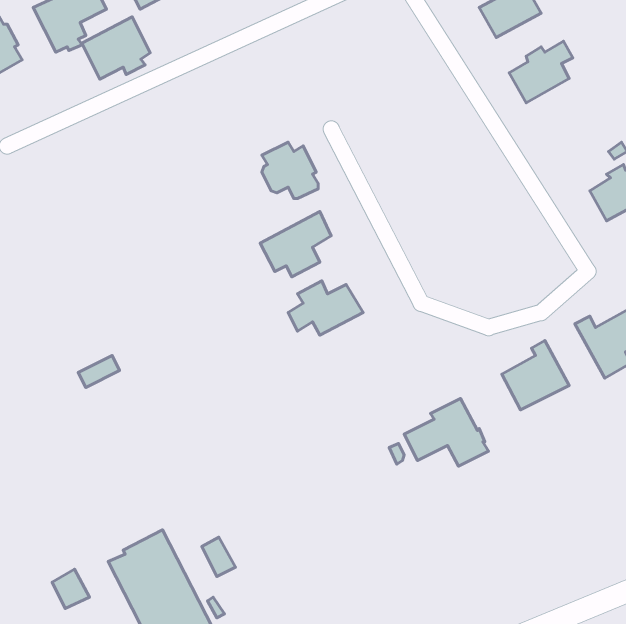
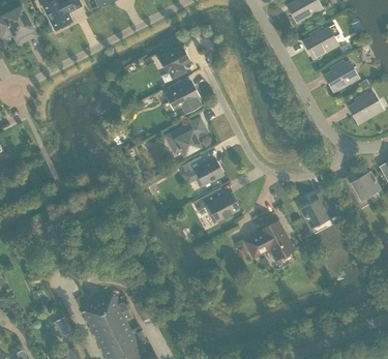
building: [82,17,150,79] -> none
building: none -> [159,46,189,78]
building: none -> [324,61,358,92]
building: none -> [193,189,239,220]

